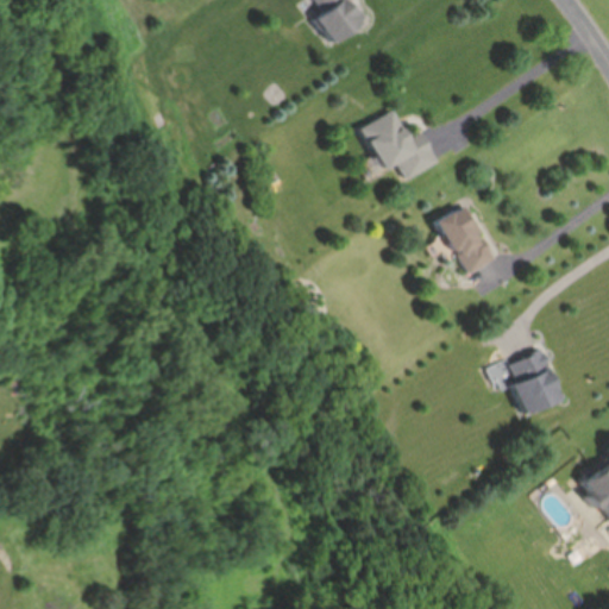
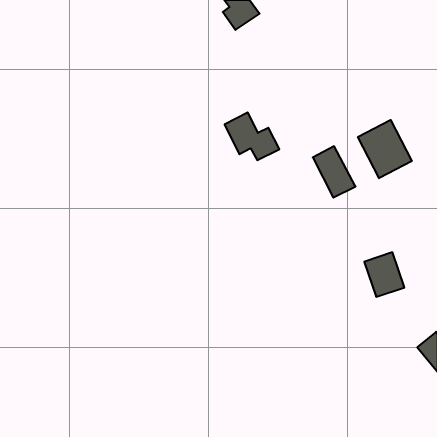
building: [360,111,437,177] -> [225,112,279,160]
building: none -> [358,120,412,178]

